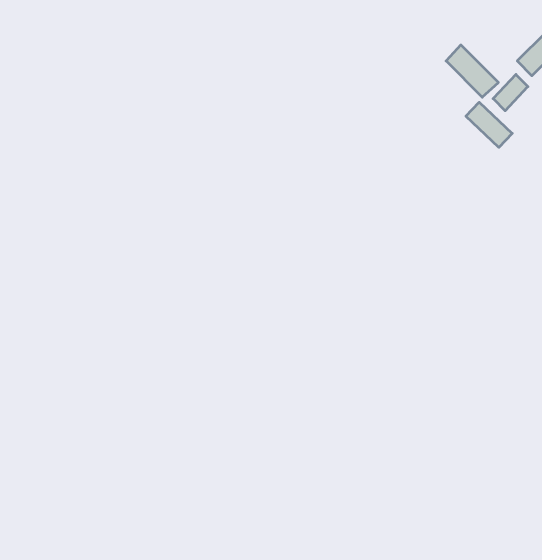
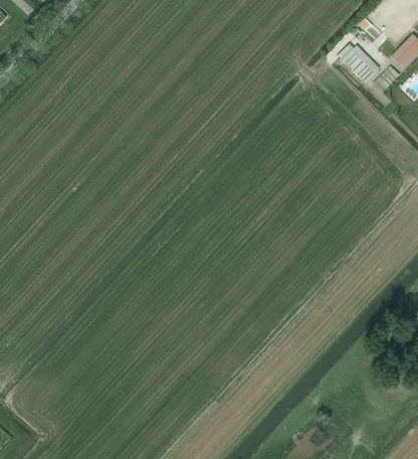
building: [466,102,512,147] -> none

